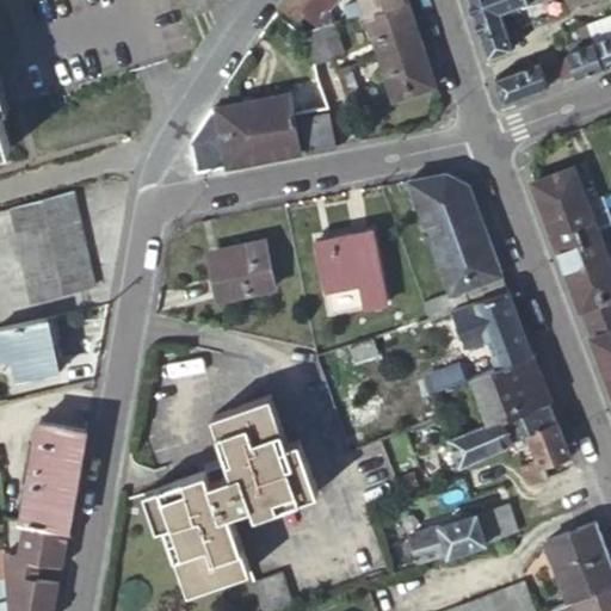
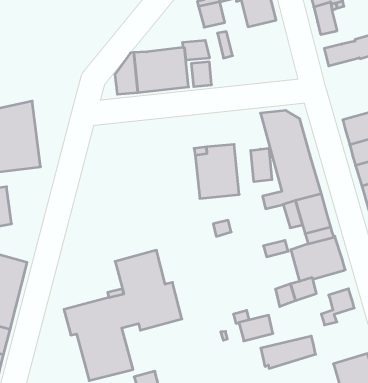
building: [379,44,434,100] -> none
building: none -> [251,148,272,182]
building: [214,242,280,304] -> none
building: [505,403,558,452] -> none
building: [394,527,445,568] -> [239,315,273,341]

